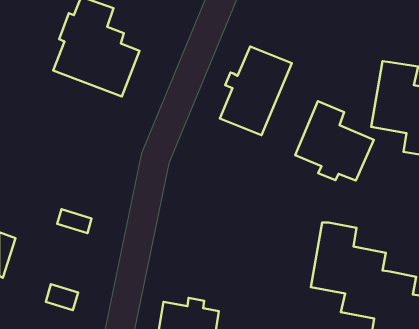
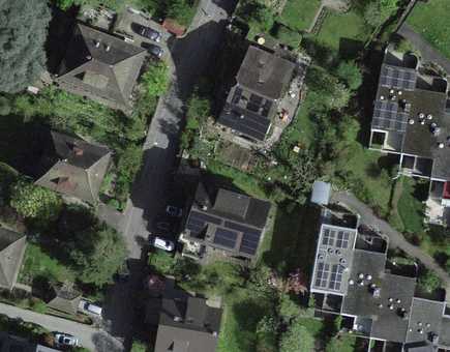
building: [295,101,374,181] -> none
building: none -> [24,137,107,199]
building: none -> [179,186,268,260]

